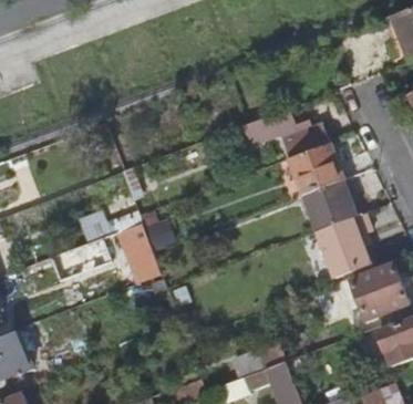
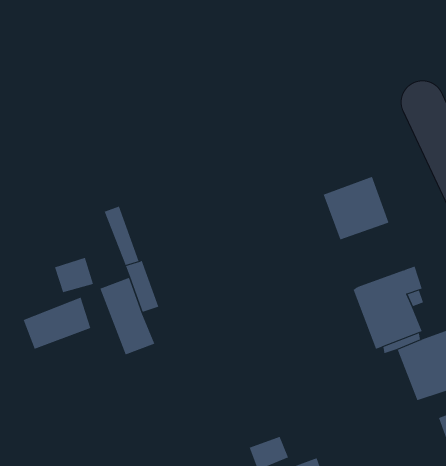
building: [244,110,329,158] -> none
building: [303,180,353,230] -> none

